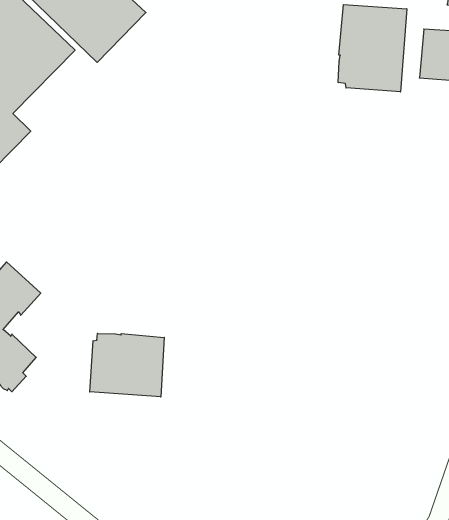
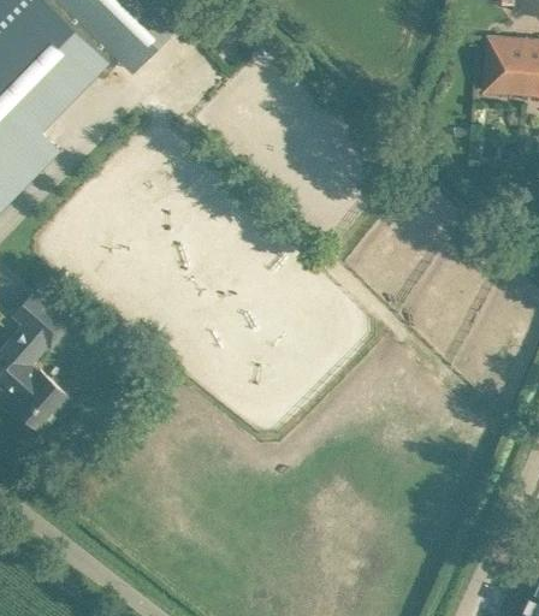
building: [338,5,407,92] -> none
building: [90,333,164,397] -> none

